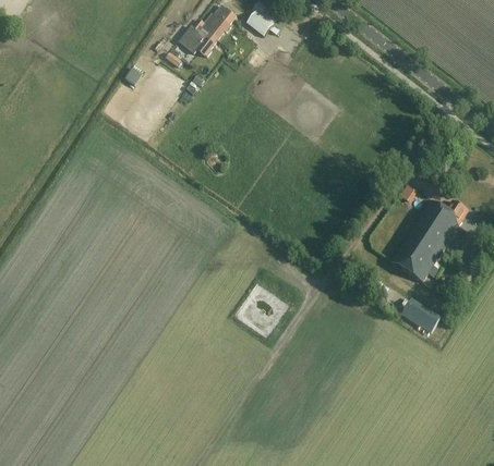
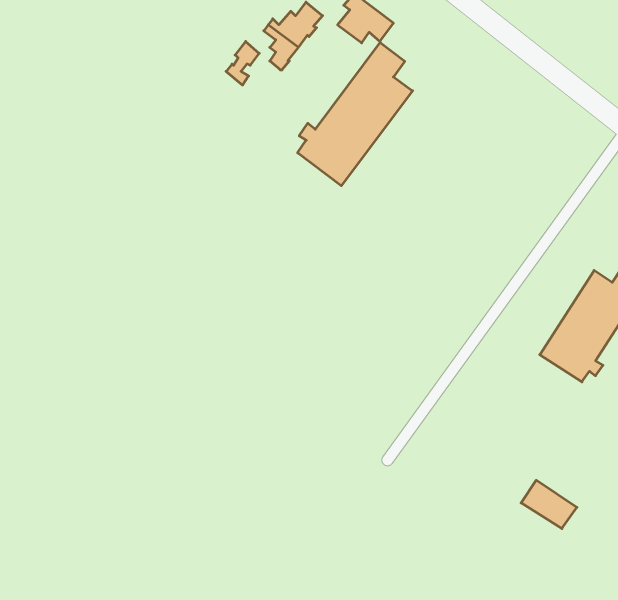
building: none -> [298,42,413,186]
building: [399,296,439,331] -> [521,480,577,529]

